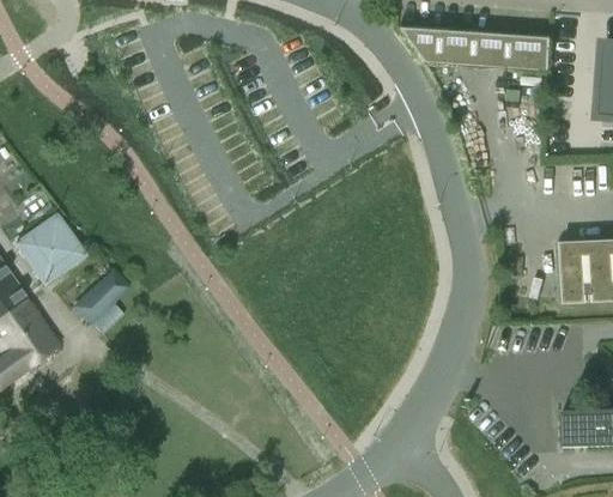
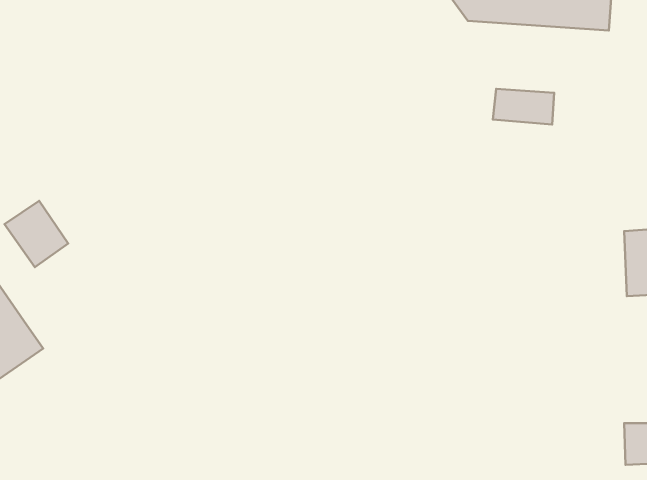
building: none -> [493,89,554,124]
building: [72,268,127,333] -> none

